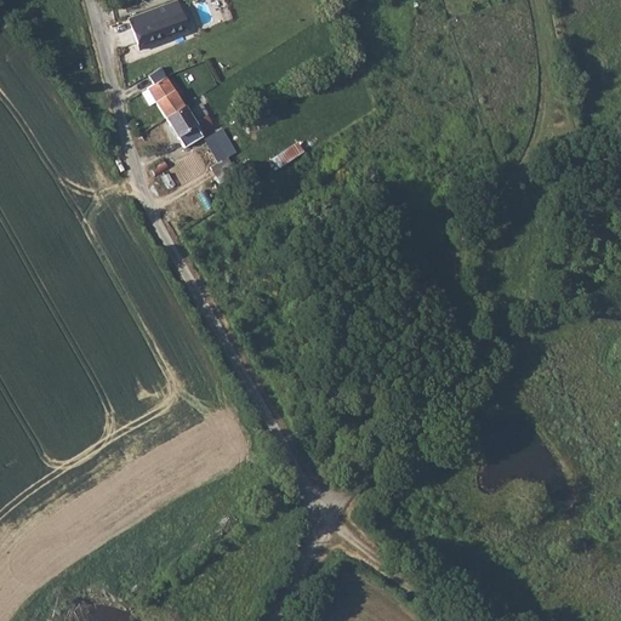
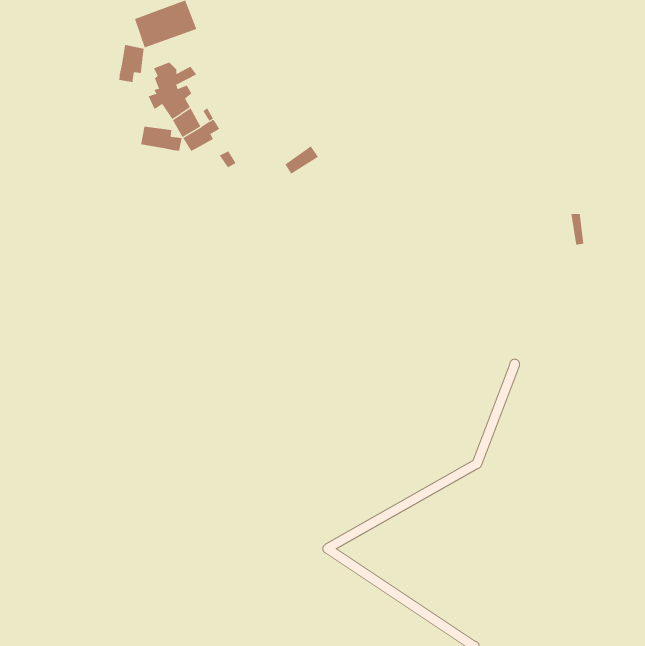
building: none -> [119,44,144,83]
building: none -> [140,126,182,151]

